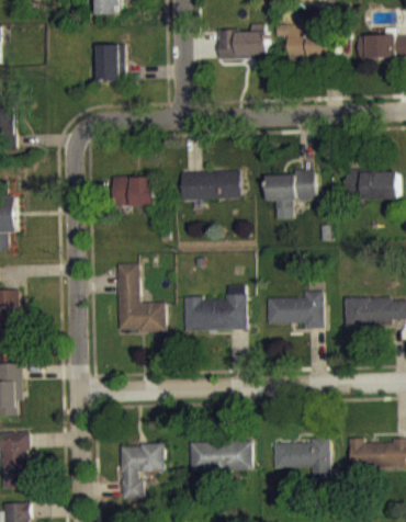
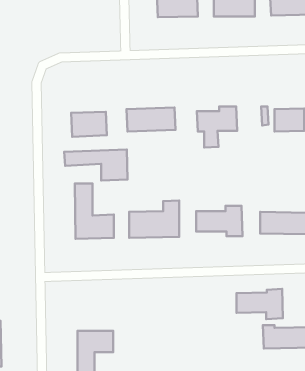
building: [98,44,121,81] -> none
building: none -> [64,150,127,181]
building: [273,438,330,475] -> [237,289,283,319]
building: [189,440,252,472] -> none

